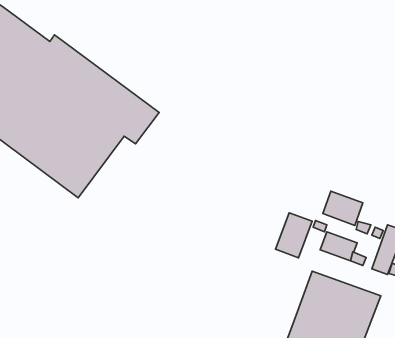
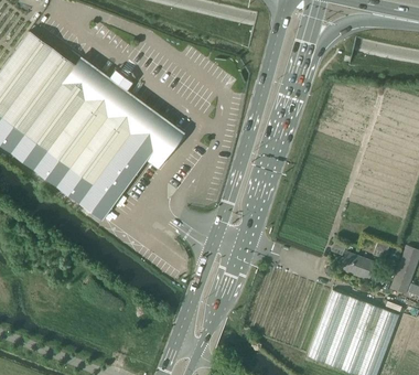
building: [323,191,363,225] -> none
building: [276,213,312,258] -> none

